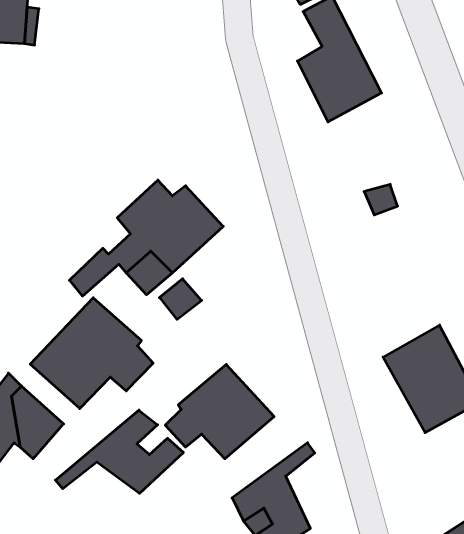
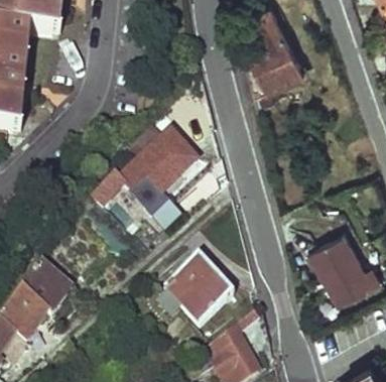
building: [30,298,153,409] -> none
building: [55,410,183,493] -> none

